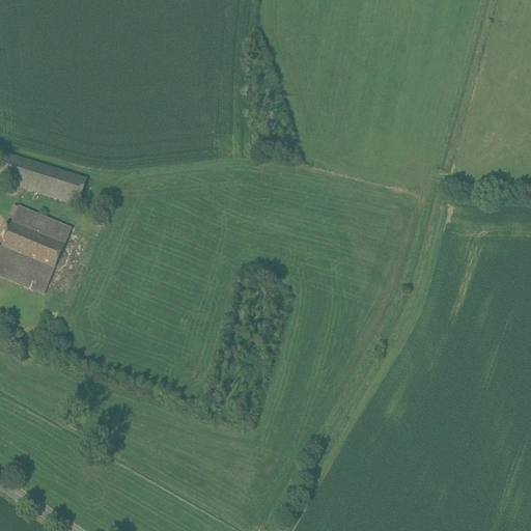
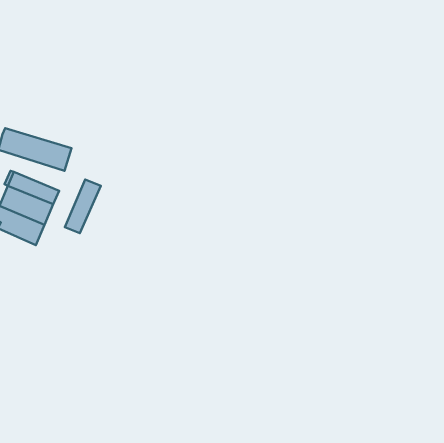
building: none -> [65,179,101,233]

